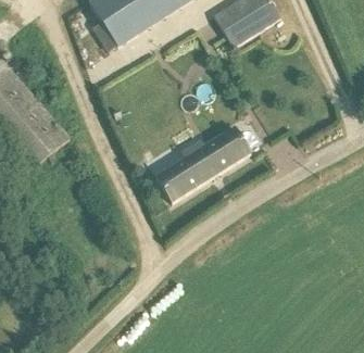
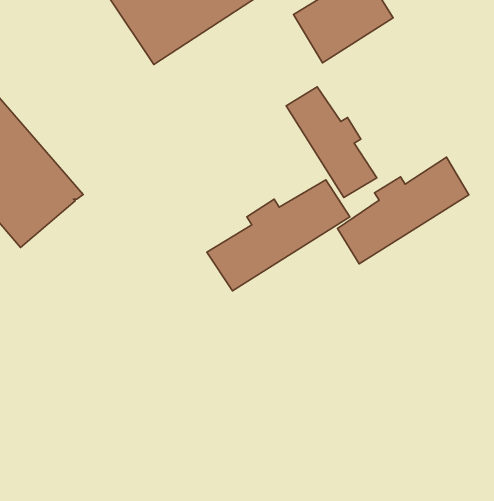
building: none -> [286,87,377,197]
building: none -> [337,157,469,264]

